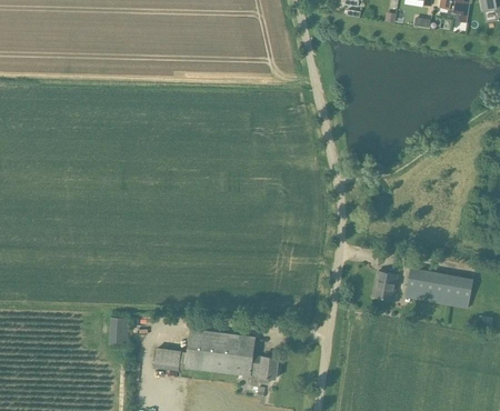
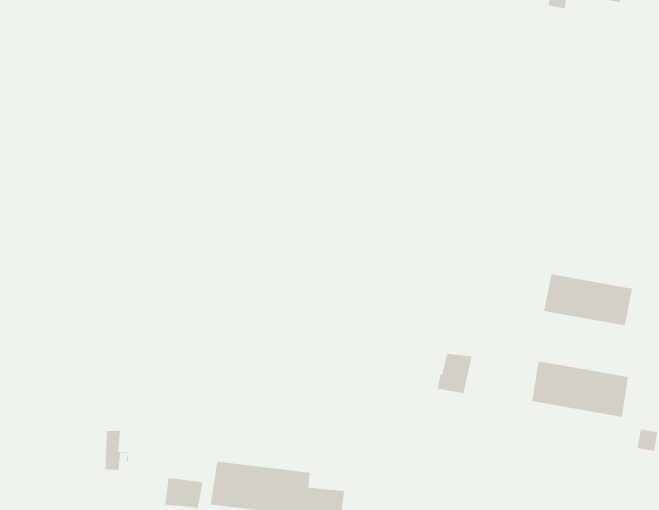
building: none -> [544,273,633,326]
building: [372,271,397,299] -> [437,353,472,394]

